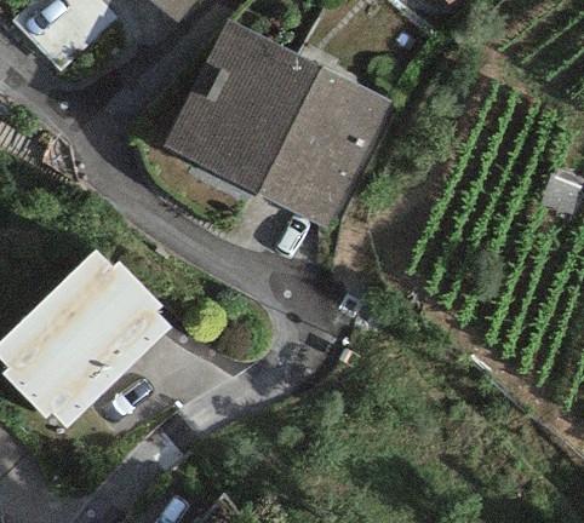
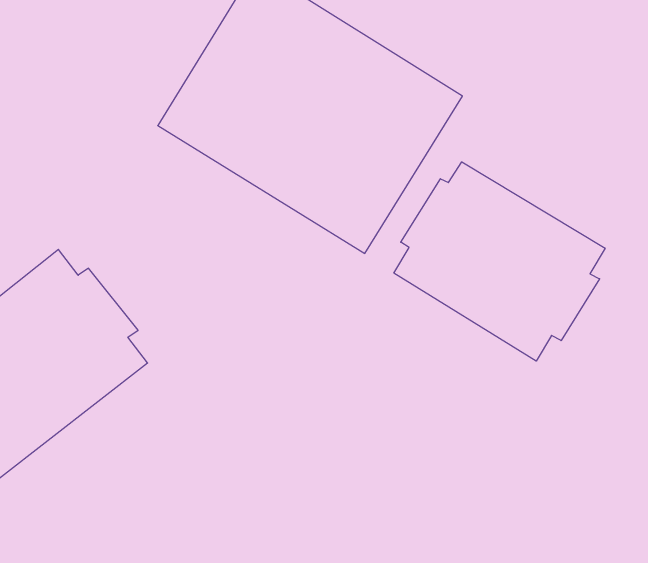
building: none -> [394,162,605,361]

